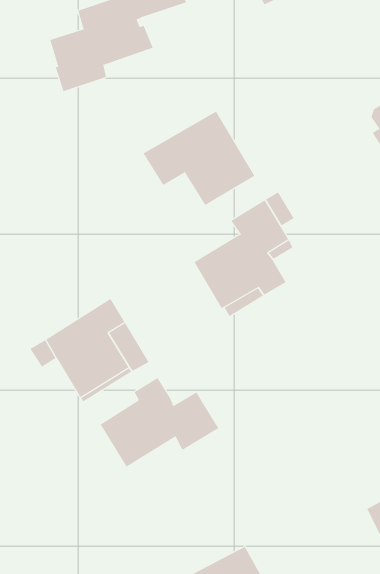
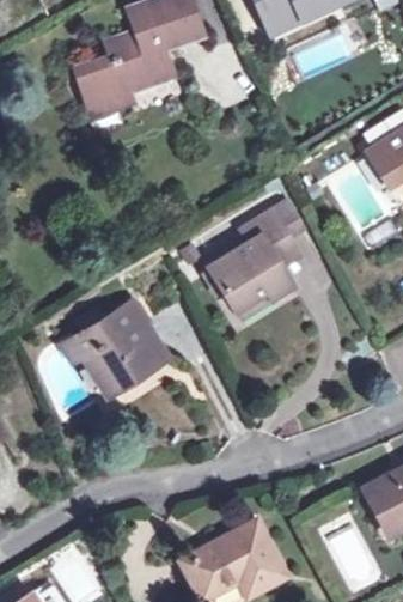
building: [143,111,255,206] -> none
building: [100,377,219,467] -> none

